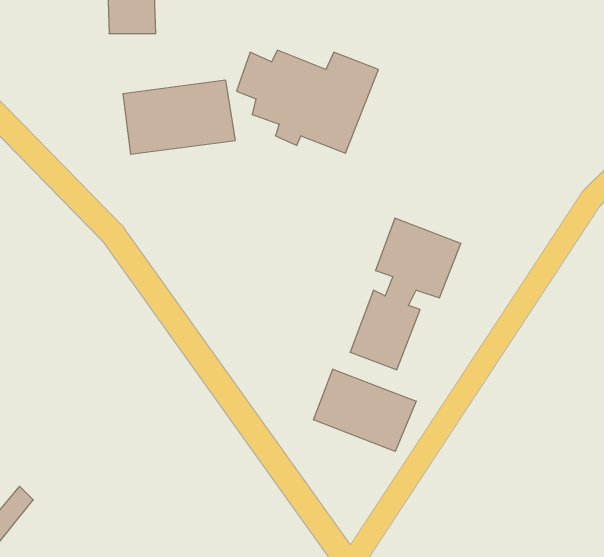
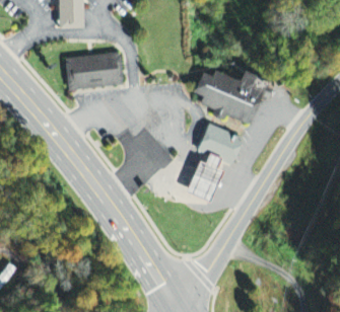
building: [237,50,378,153] -> [192,70,266,124]
building: [314,369,416,451] -> none

